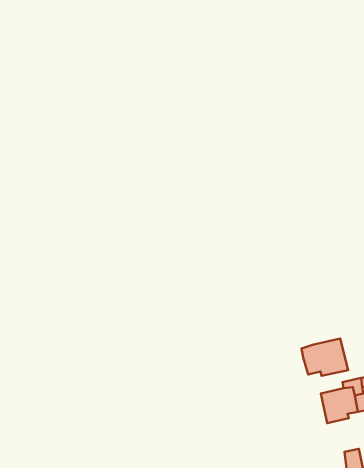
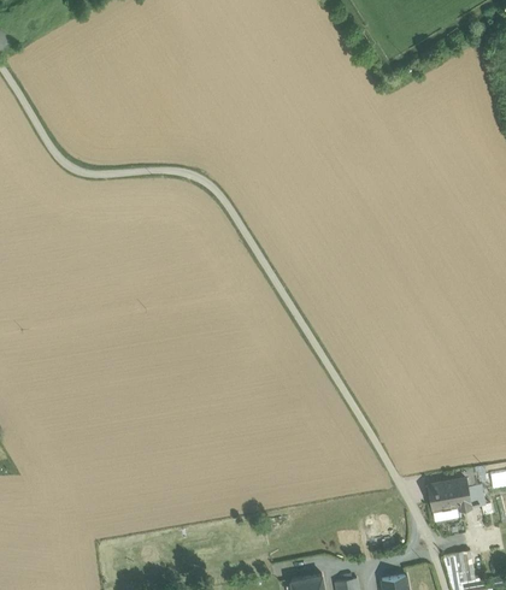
building: [302,339,348,376] -> none

